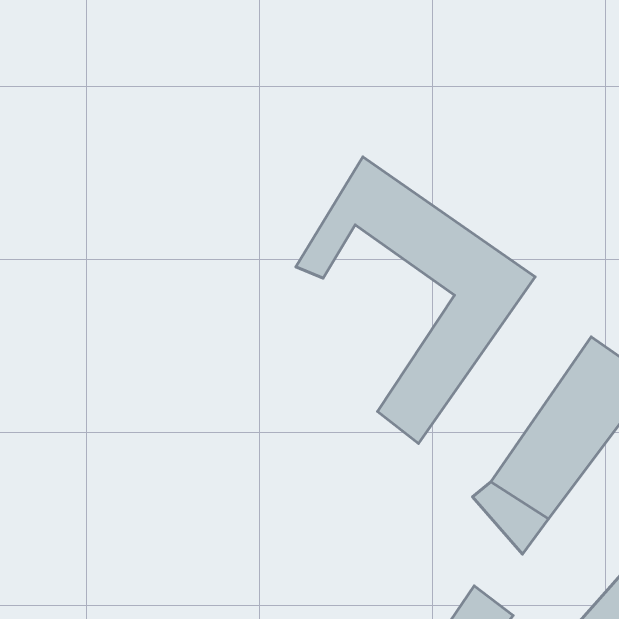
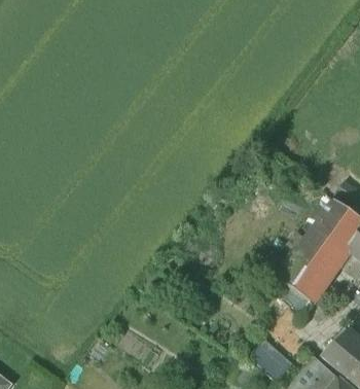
building: [296,157,535,443] -> none

